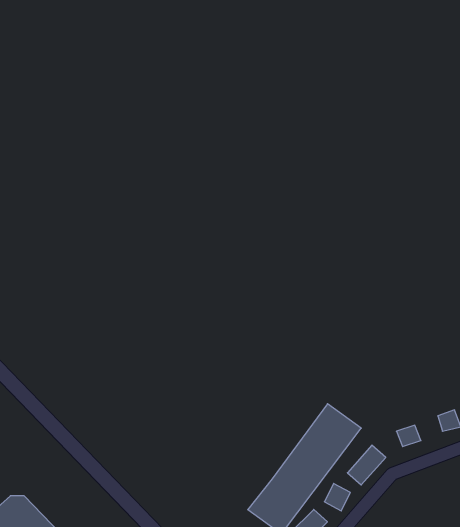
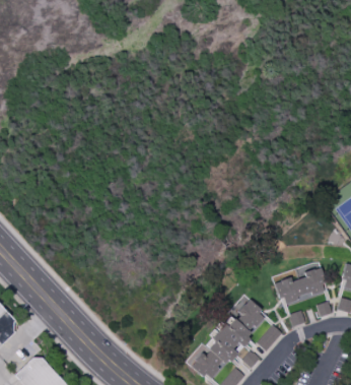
building: none -> [276,262,328,305]

